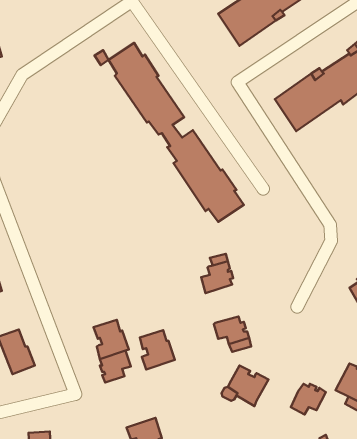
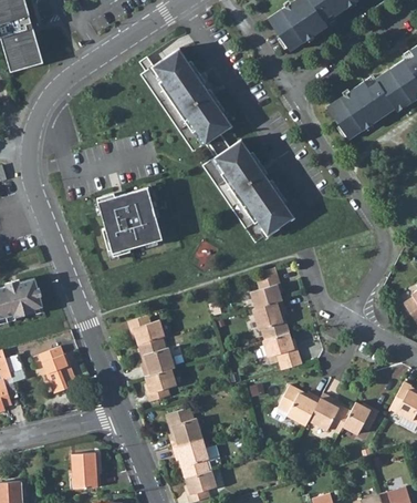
building: none -> [97,187,161,256]
building: none -> [253,300,289,340]
building: none -> [128,315,165,345]
building: [140,330,175,370] -> [166,408,202,449]
building: none -> [307,393,351,434]

